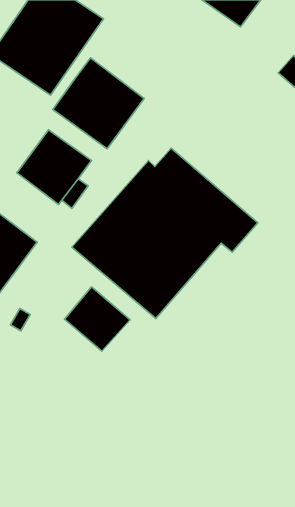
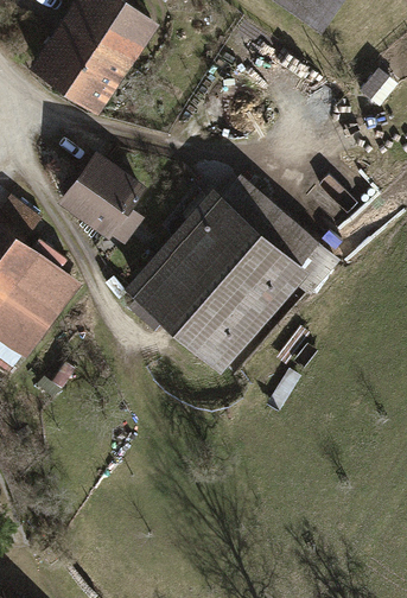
building: [53,58,144,149] -> none
building: [64,287,130,351] -> none

